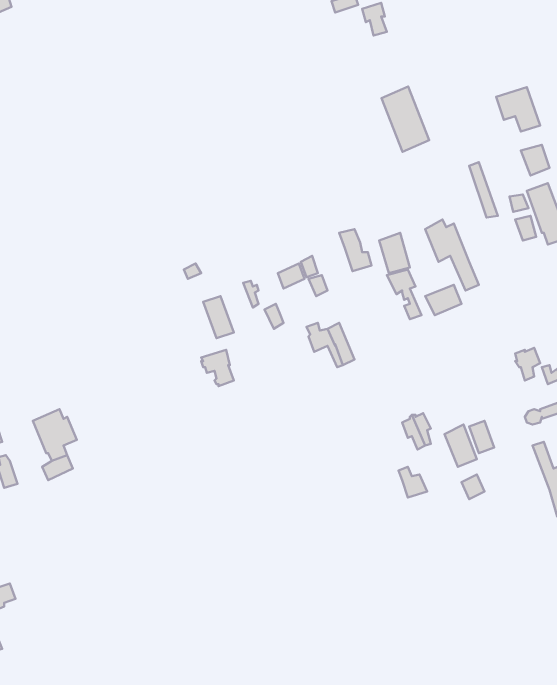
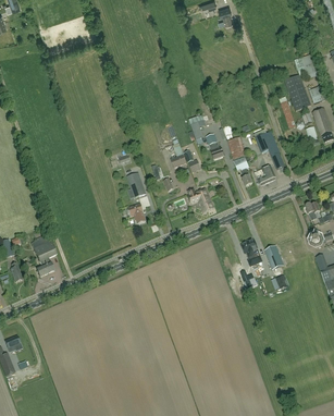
building: [381,87,429,152] -> [284,74,311,111]

